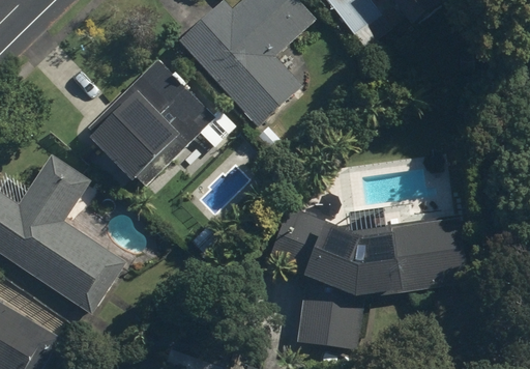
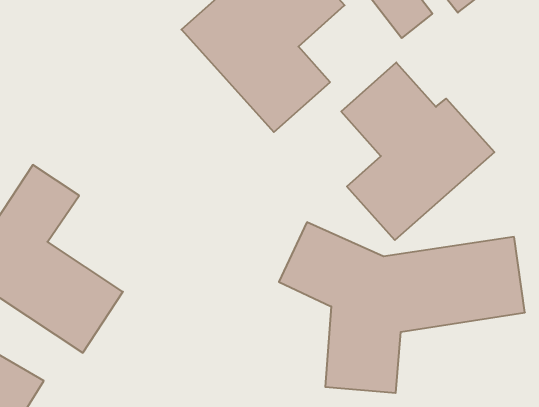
building: [87,58,214,184] -> none
building: none -> [341,62,494,240]

